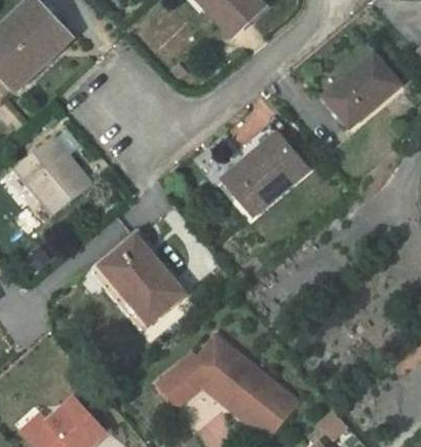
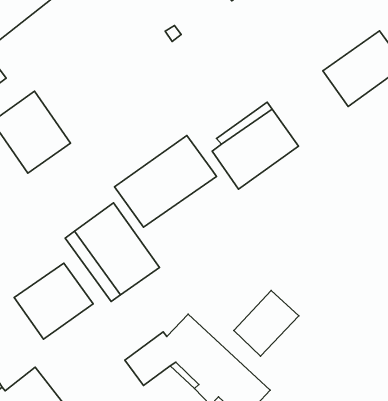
building: none -> [115,135,216,227]
building: none -> [14,263,93,339]
building: none -> [234,290,299,356]

